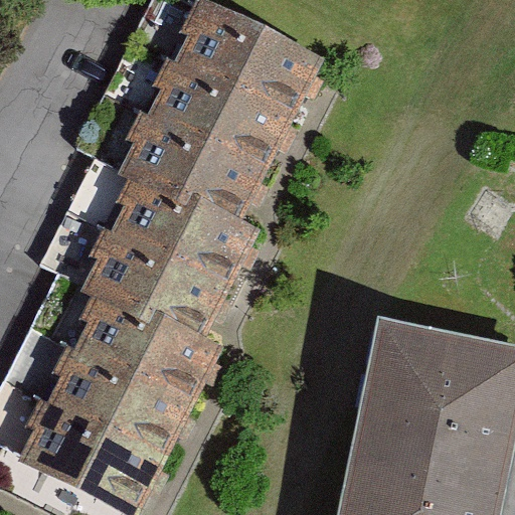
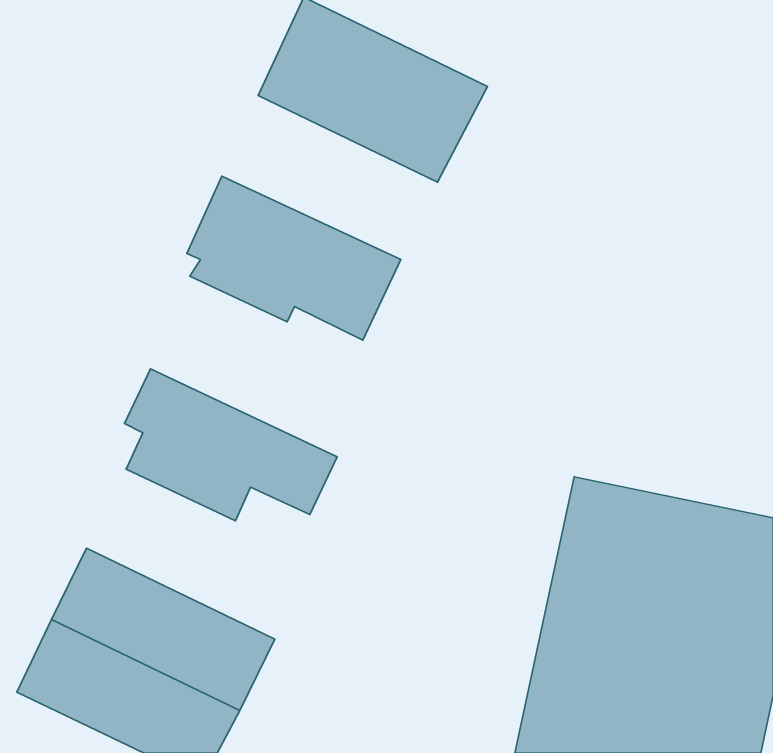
building: [147,63,290,172] -> none
building: [100,183,262,303] -> none
building: [57,311,218,423] -> none

